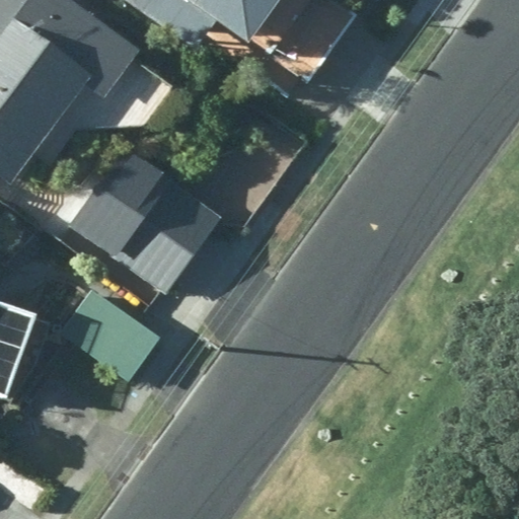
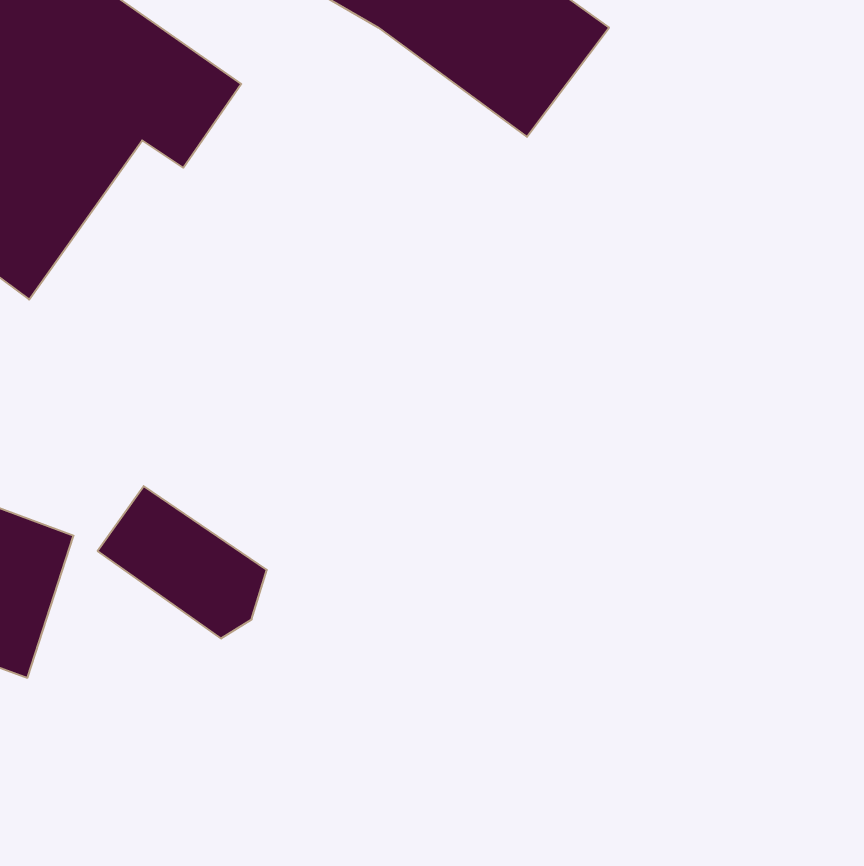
building: [63,149,214,294] -> none

